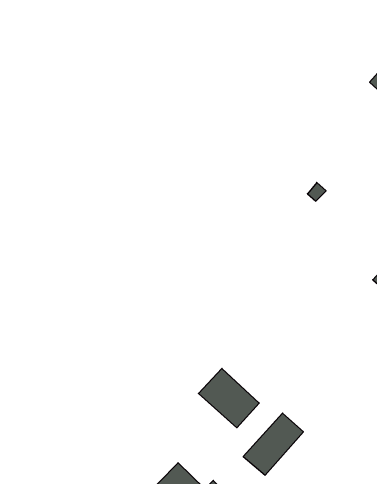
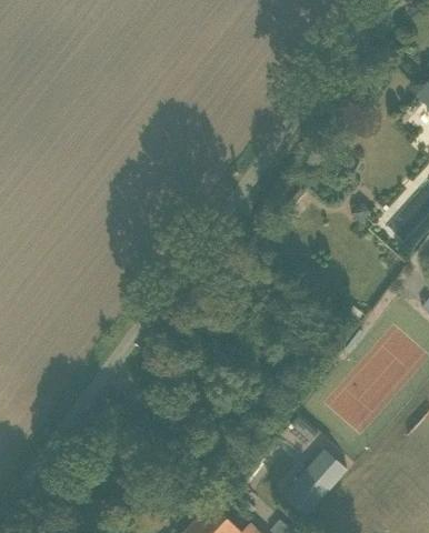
building: [198,368,259,428] -> none

